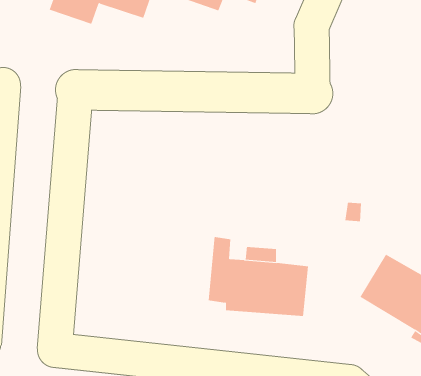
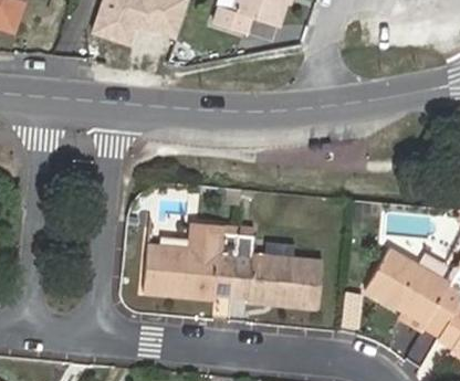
building: none -> [143,224,237,298]

